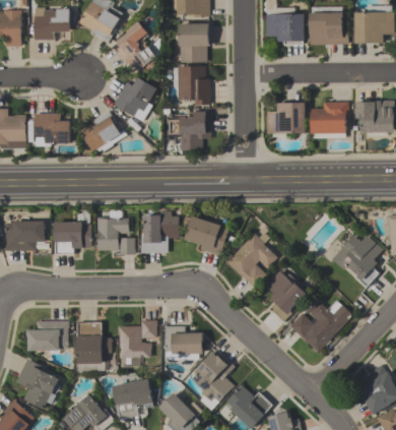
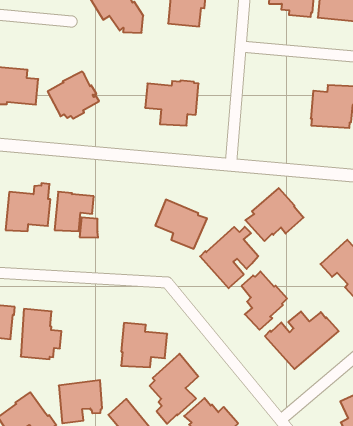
building: [178,65,209,104] -> none
building: [113,76,156,121] -> none
building: [265,101,306,132] -> none
building: none -> [245,188,304,241]
building: [140,213,178,252] -> none
building: [117,319,156,357] -> none

